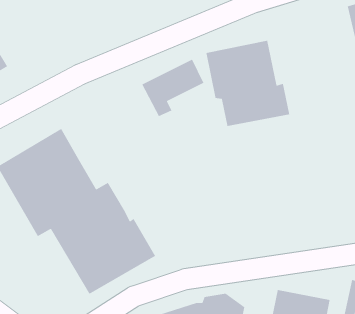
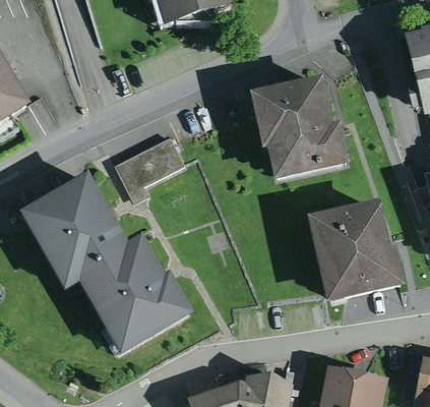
building: [141,58,205,117] -> [115,132,185,197]
building: none -> [306,202,407,308]

